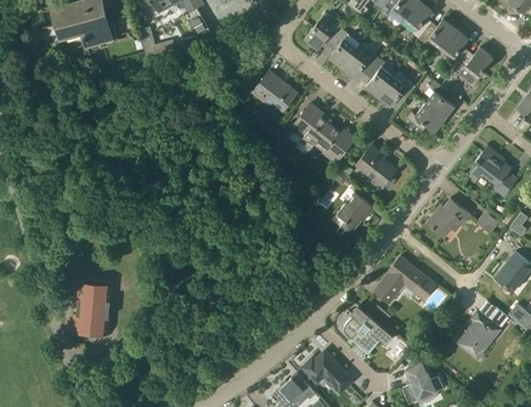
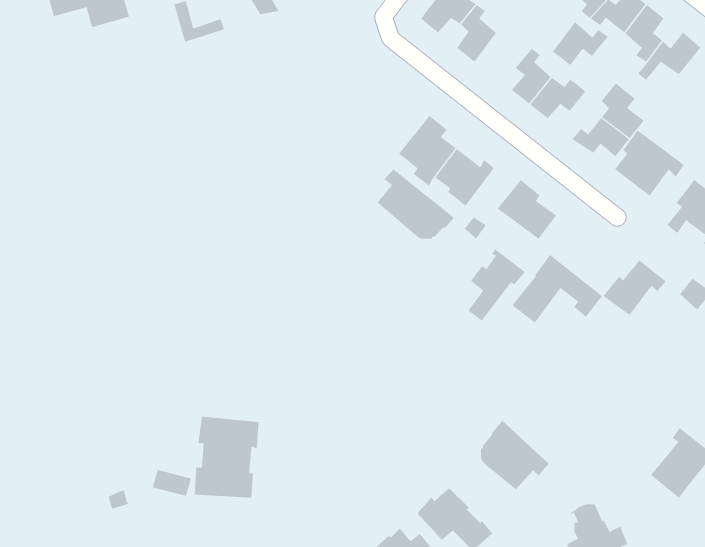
building: [341,49,379,78] -> [552,22,609,66]
building: [253,72,298,111] -> none
building: none -> [614,129,684,196]
building: none -> [376,168,455,239]
building: [374,258,435,304] -> [511,254,603,323]
building: [72,281,115,335] -> [194,416,259,498]

